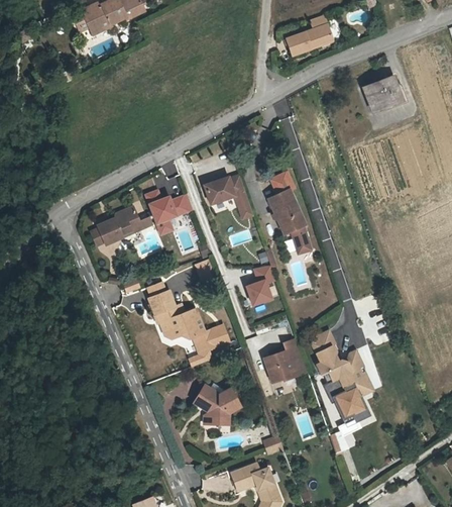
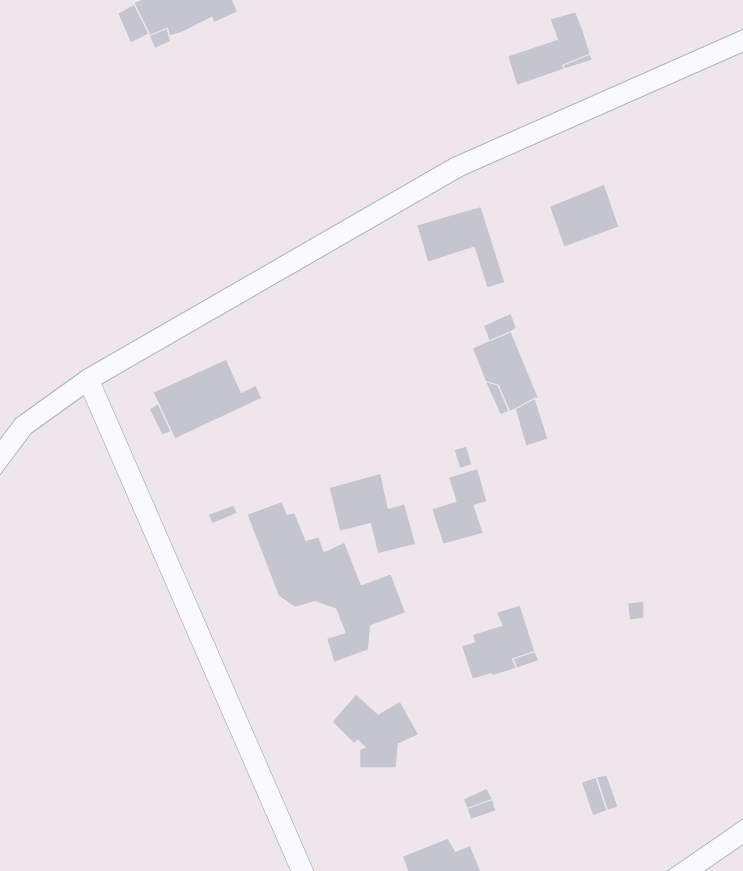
building: [363,75,402,109] -> [549,184,619,247]
building: [204,176,252,220] -> [417,207,505,288]
building: [144,189,192,235] -> none
building: none -> [329,473,416,554]
building: [309,330,375,421] -> none

